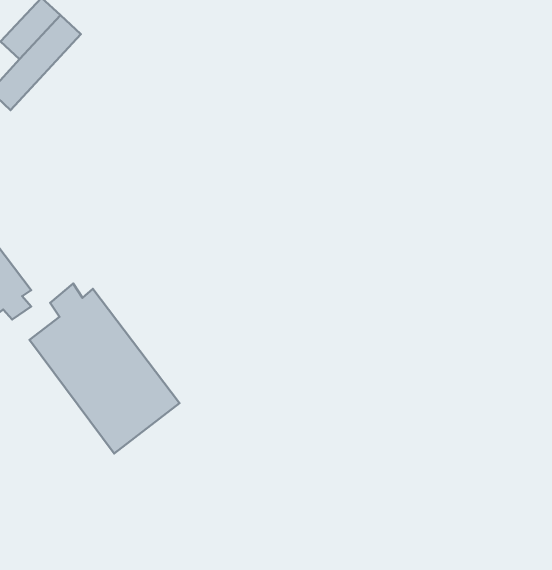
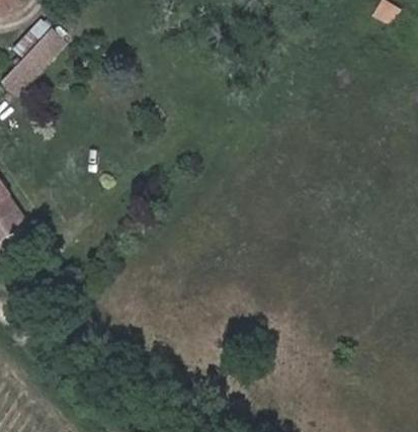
building: [29,284,180,454] -> none

